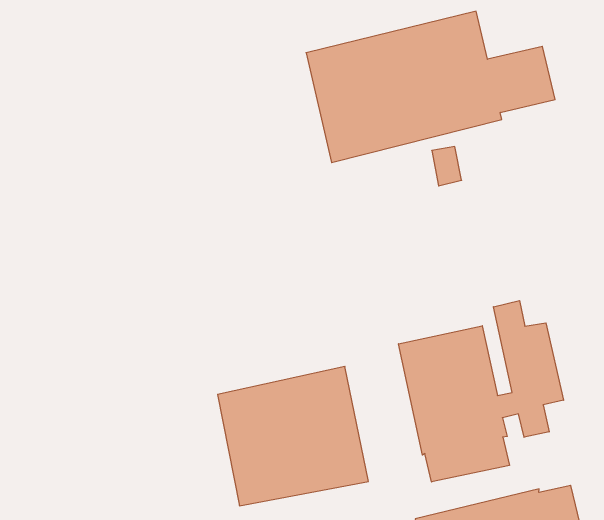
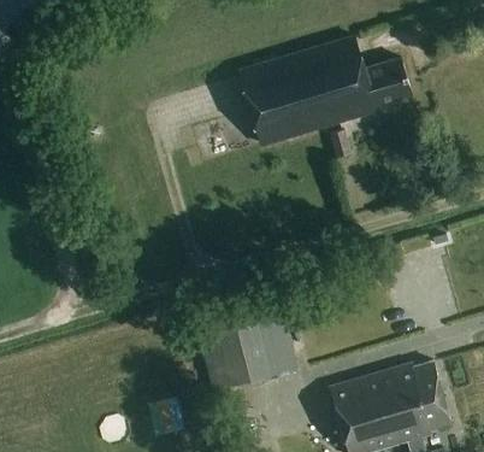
building: [399,301,564,482] -> none

